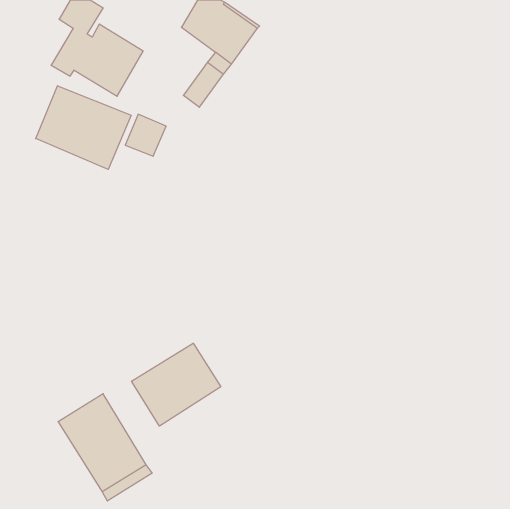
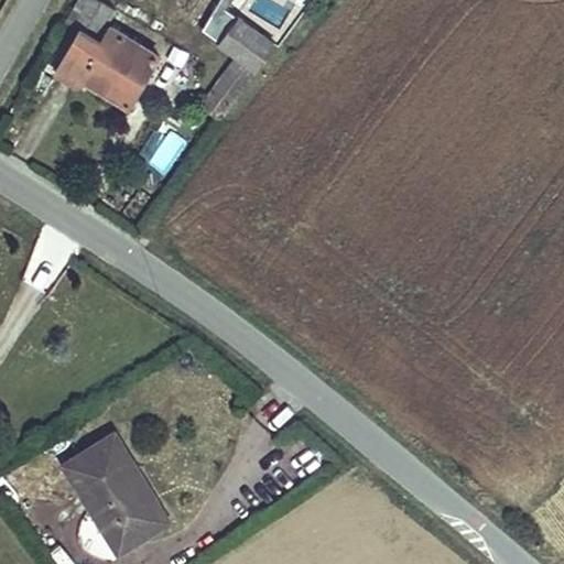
building: [36,86,131,169] -> none
building: [132,343,221,426] -> none

